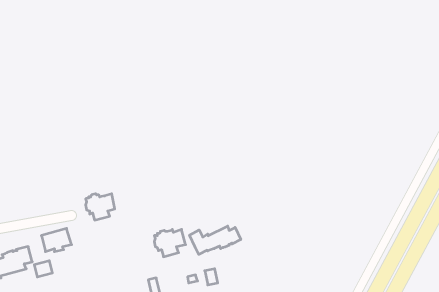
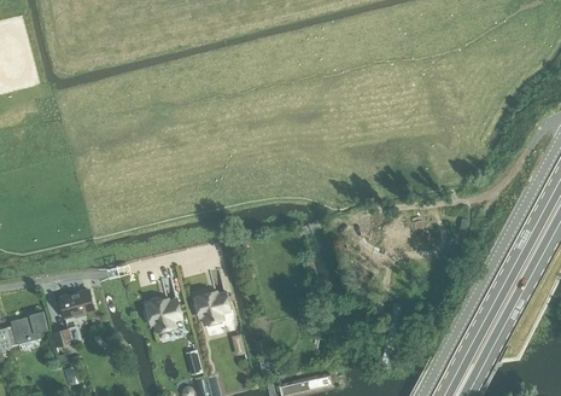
building: [86,194,115,220] -> [144,299,179,331]
building: [190,226,241,254] -> none

